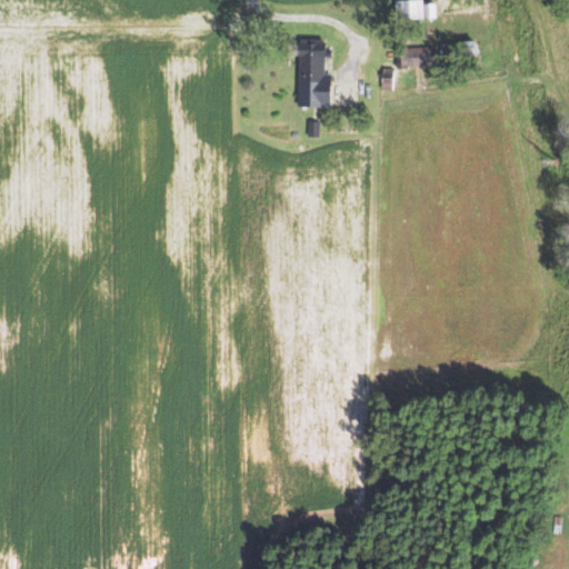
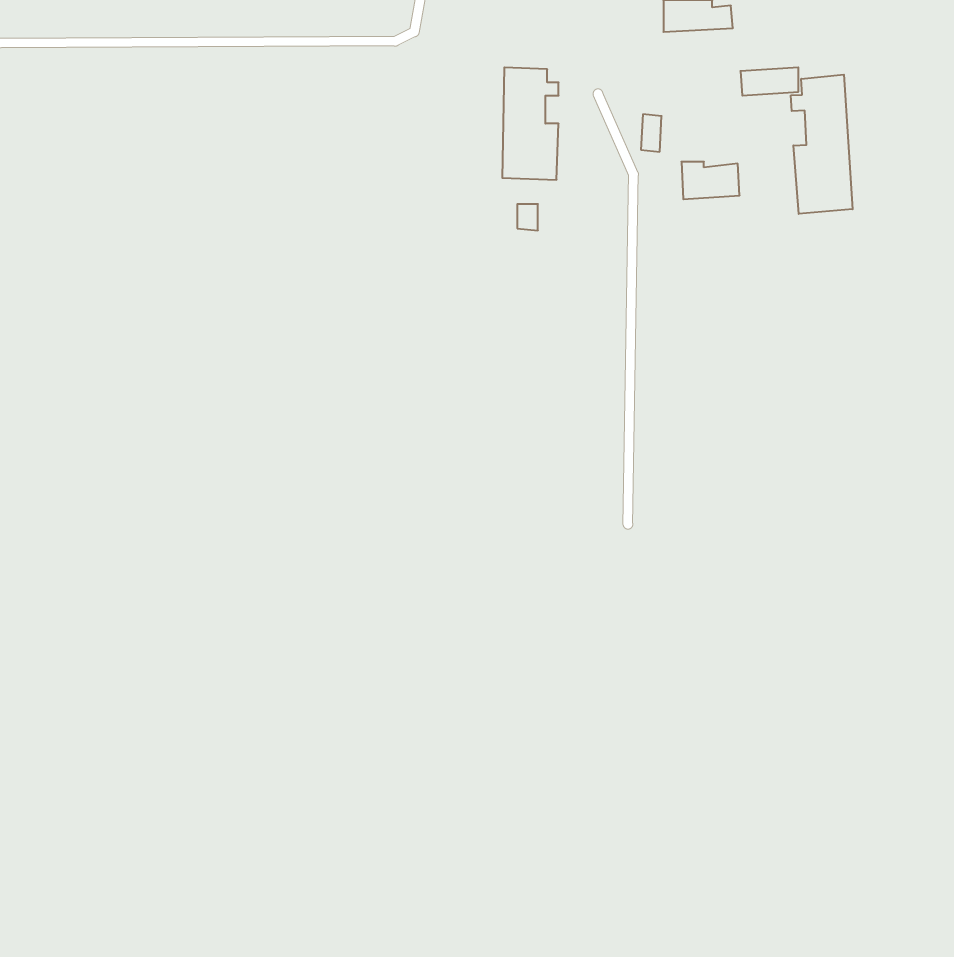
building: none -> [791,75,853,214]
building: [397,46,431,68] -> [681,162,740,199]

